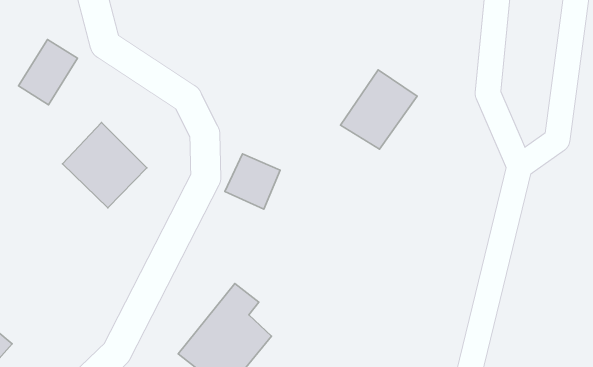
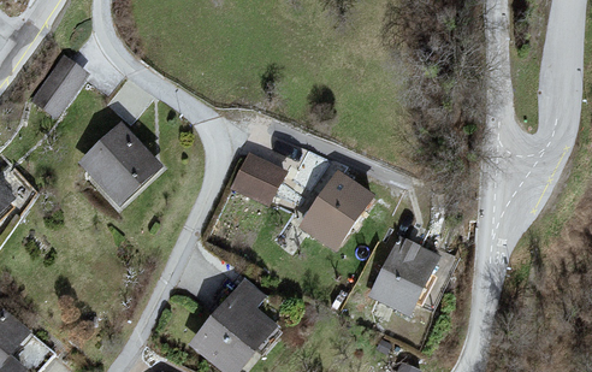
building: [340,70,417,149] -> [300,173,373,249]
building: none -> [369,234,438,315]

